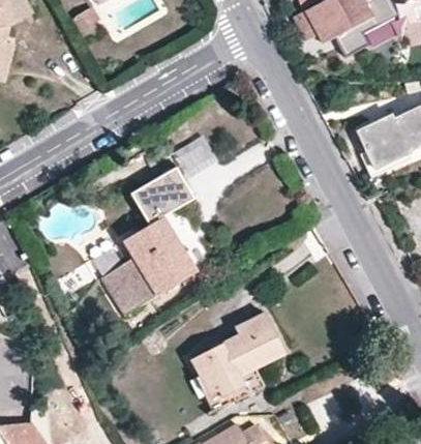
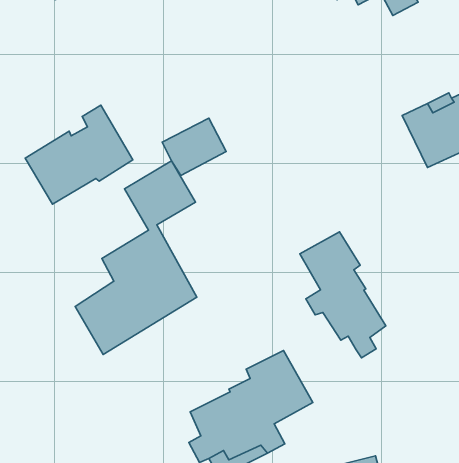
building: none -> [25,105,133,204]
building: none -> [300,232,386,358]

